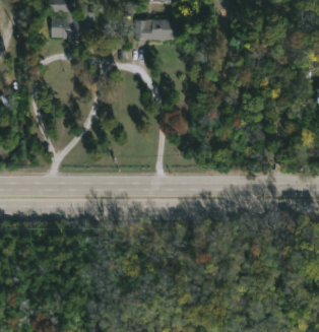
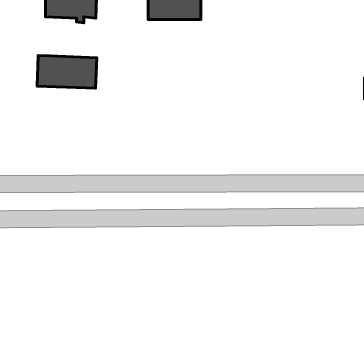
building: none -> [37,55,97,88]

